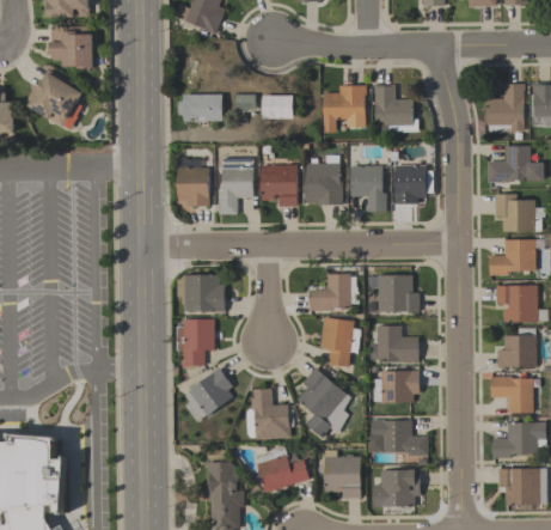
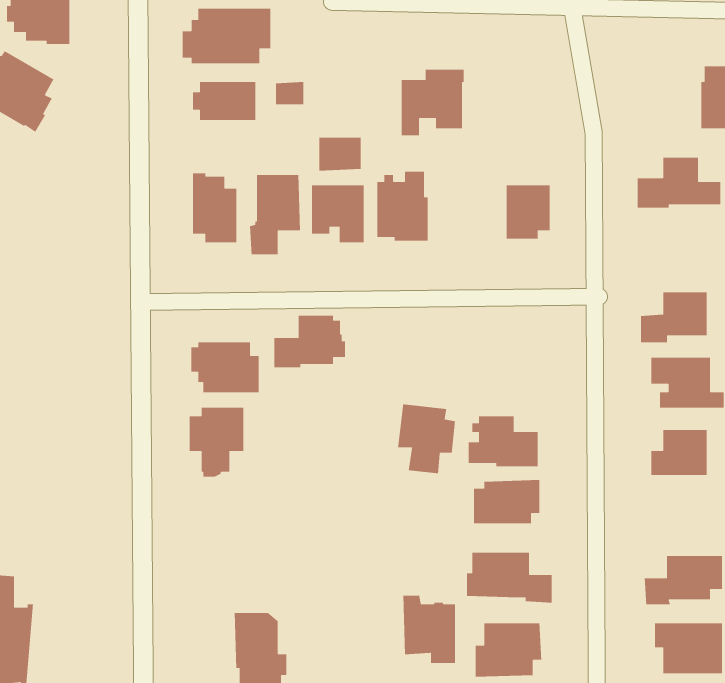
building: none -> [182,8,271,64]
building: [375,84,418,133] -> none
building: [485,84,524,133] -> none
building: [263,95,293,118] -> [318,137,362,171]
building: [351,166,386,211] -> none
building: [495,194,541,231] -> none
building: [310,273,360,310] -> [274,315,346,368]
building: [369,274,420,311] -> none
building: [185,367,233,421] -> none
building: [298,367,351,438] -> none
building: [490,376,533,413] -> none
building: [246,388,294,439] -> none
building: [256,445,310,492] -> none

